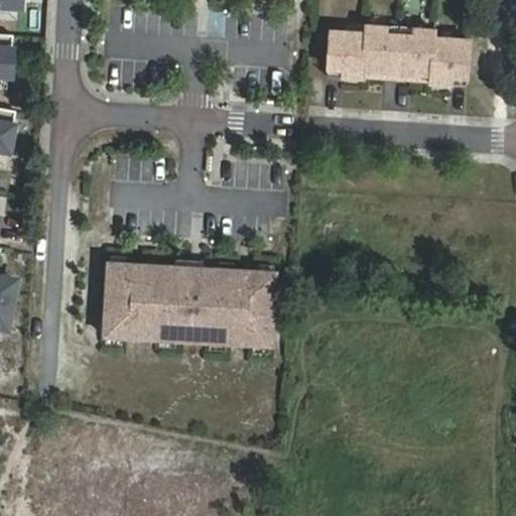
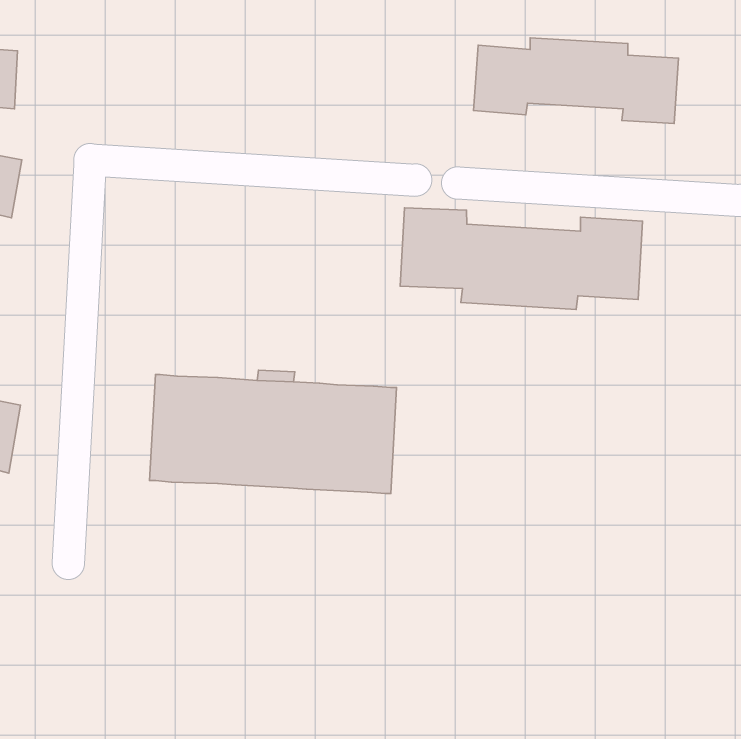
building: none -> [400,208,642,310]

